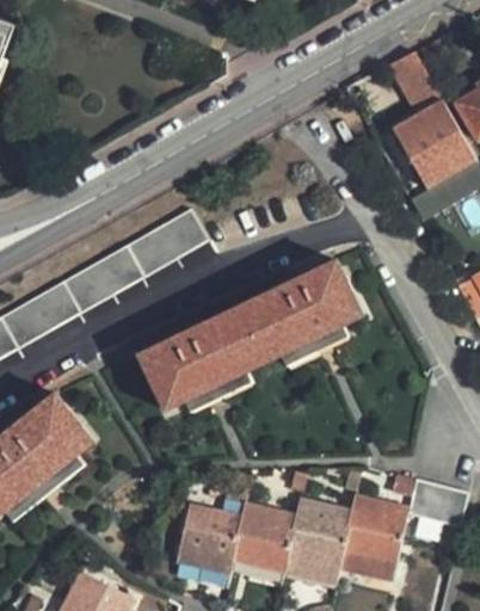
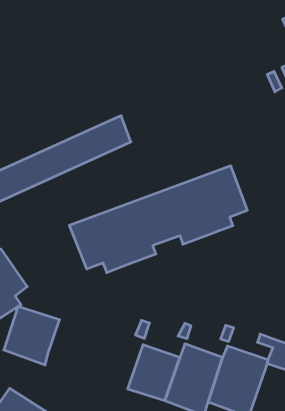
building: [174,502,242,574] -> [4,307,60,365]

